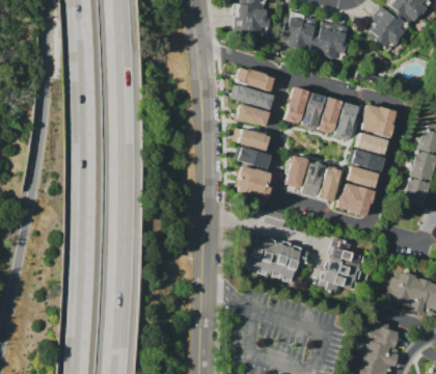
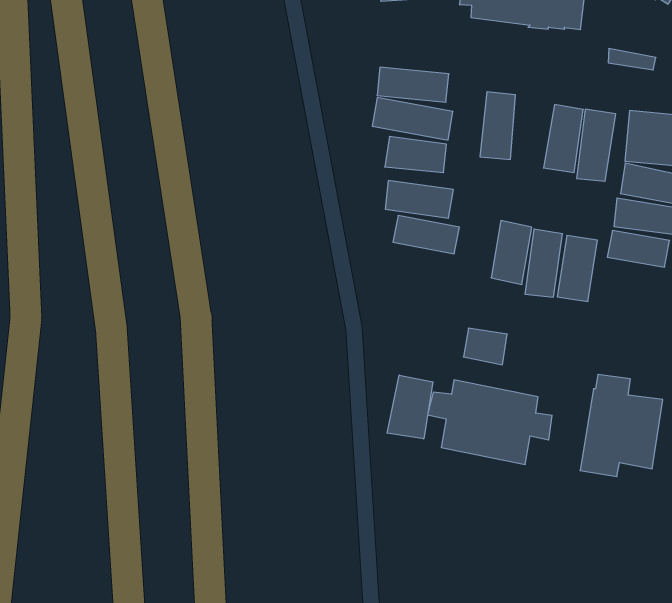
building: [301,91,322,129] -> none
building: [236,166,271,196] -> none
building: [336,183,373,215] -> none
building: none -> [387,375,433,439]

